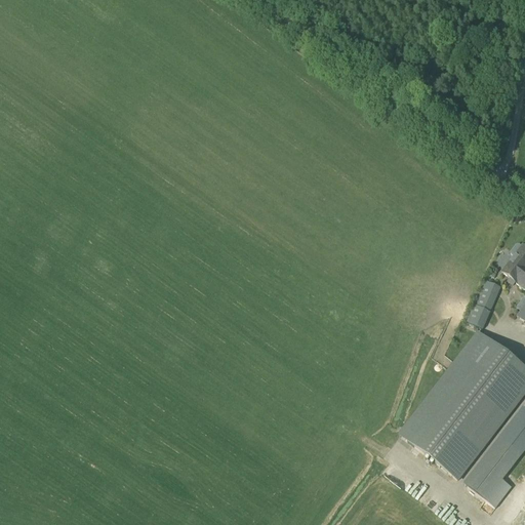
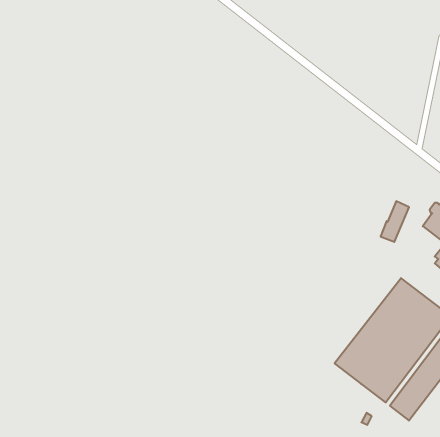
building: [468,278,501,326] -> [381,201,409,242]

